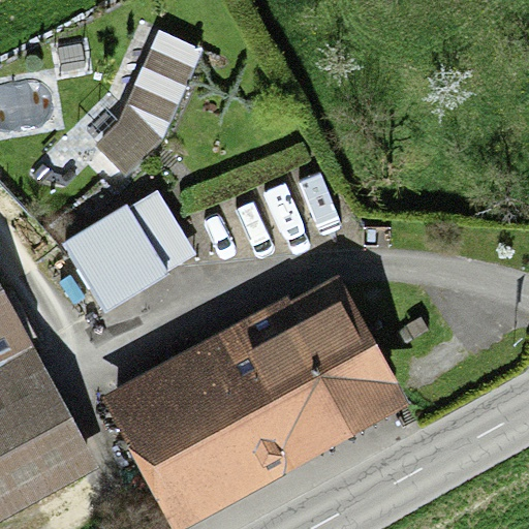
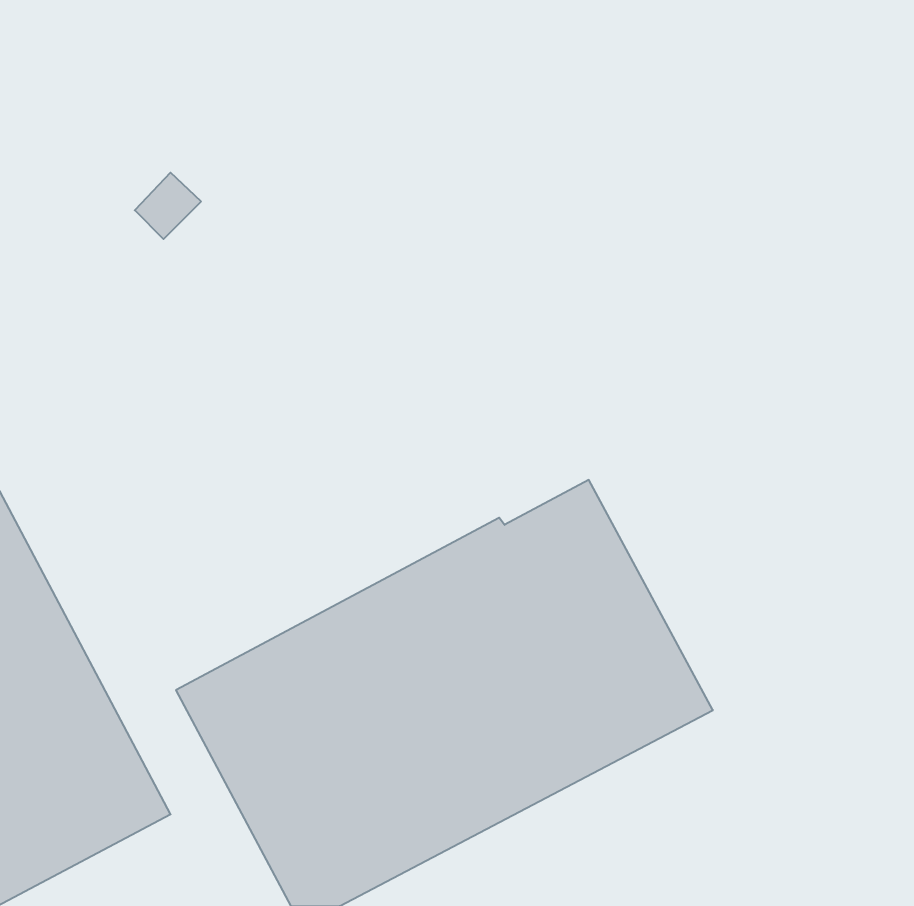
building: [94,28,201,172] -> none
building: [61,188,195,315] -> none

